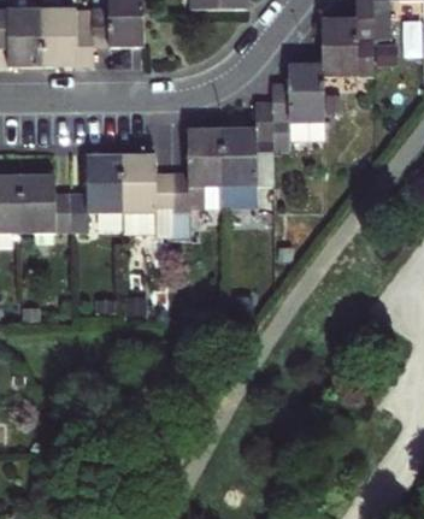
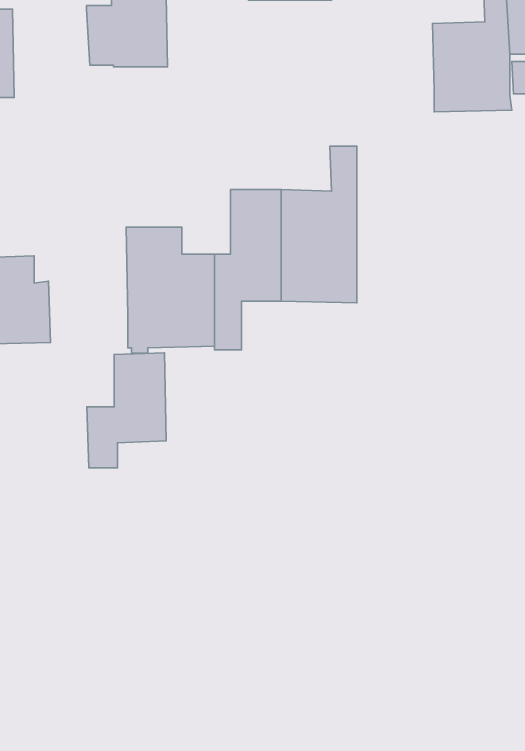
building: [40,7,93,67] -> none
building: [270,63,322,124] -> none
building: [64,154,117,231] -> [87,353,166,468]

